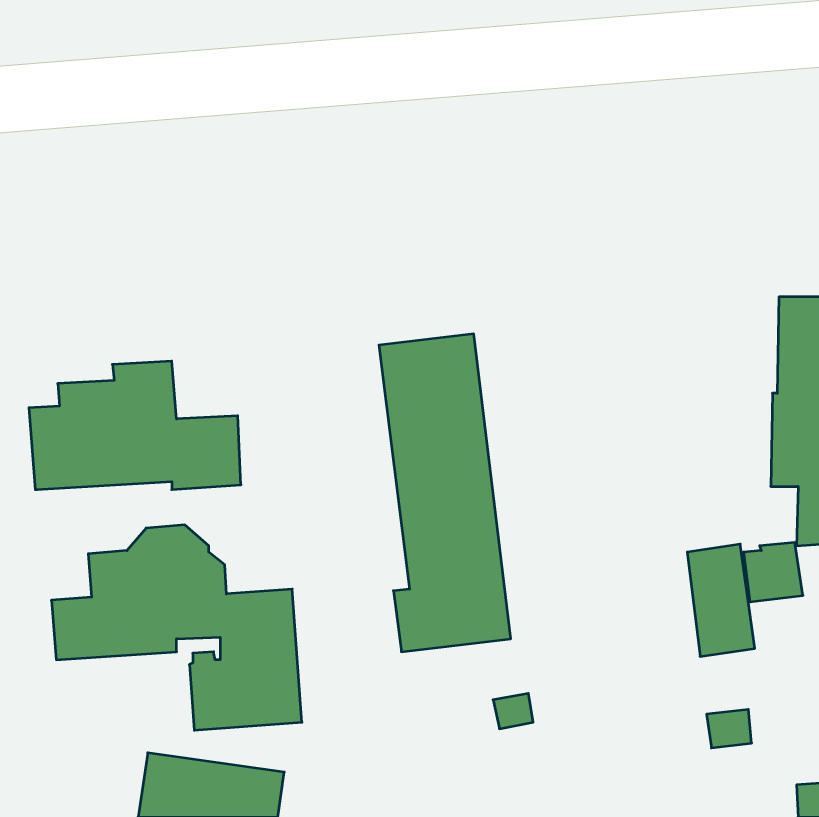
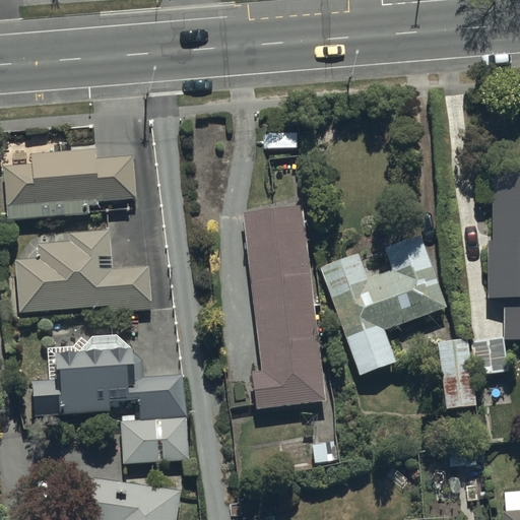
building: none -> [5,146,137,215]
building: none -> [320,242,447,384]

